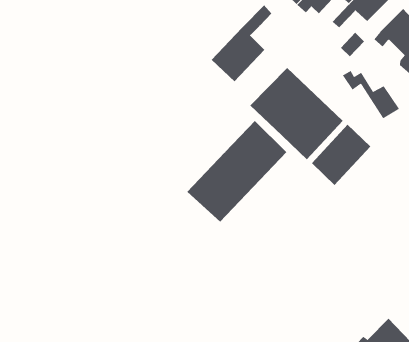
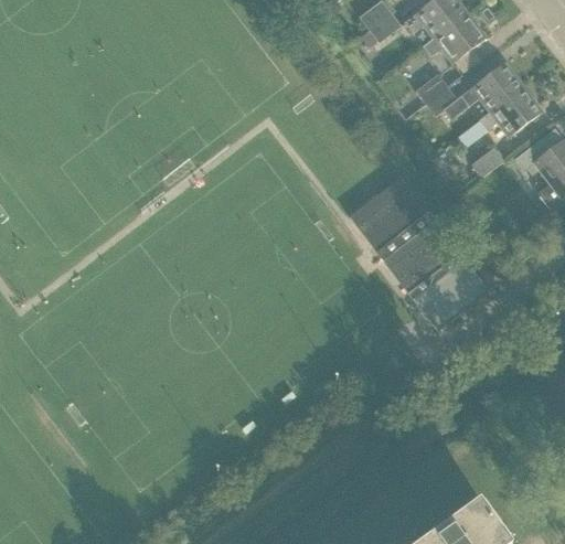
building: [211,5,272,82] -> none
building: [342,70,400,119] -> none
building: [187,120,287,223] -> none

